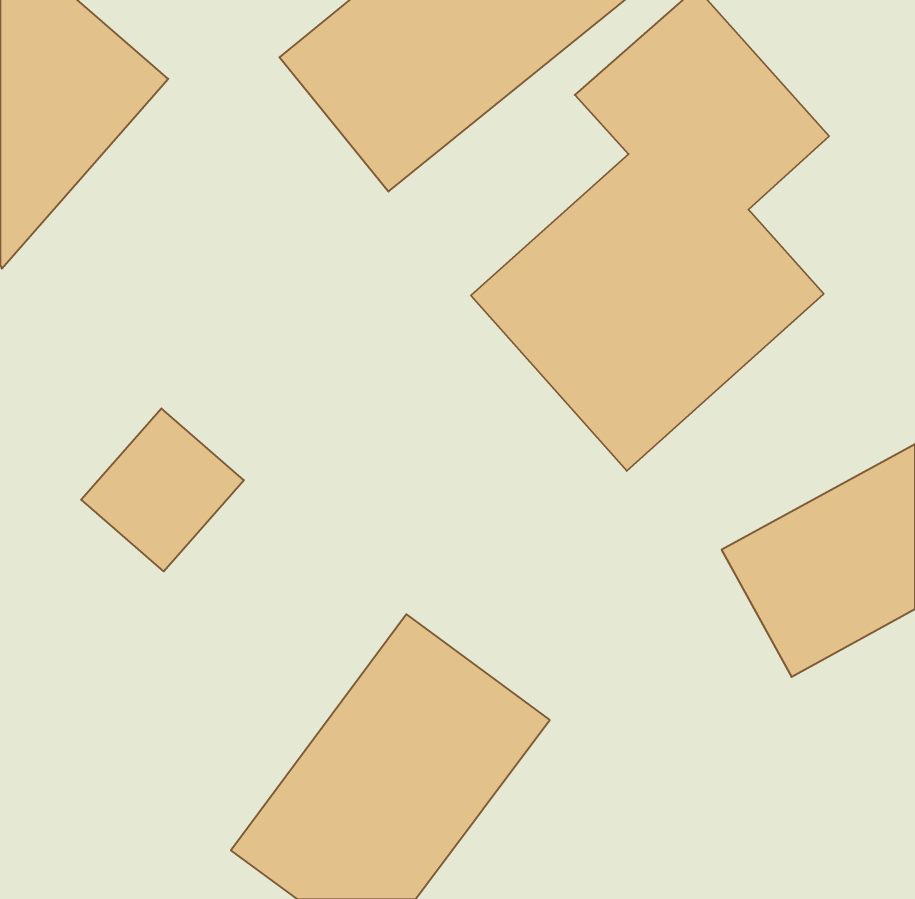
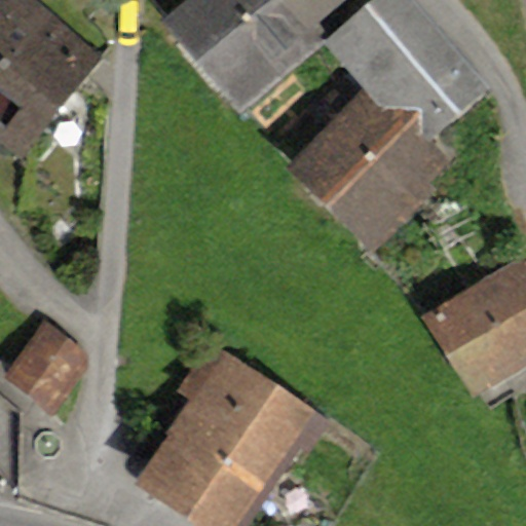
building: [81,408,244,571] -> [12,321,106,414]

